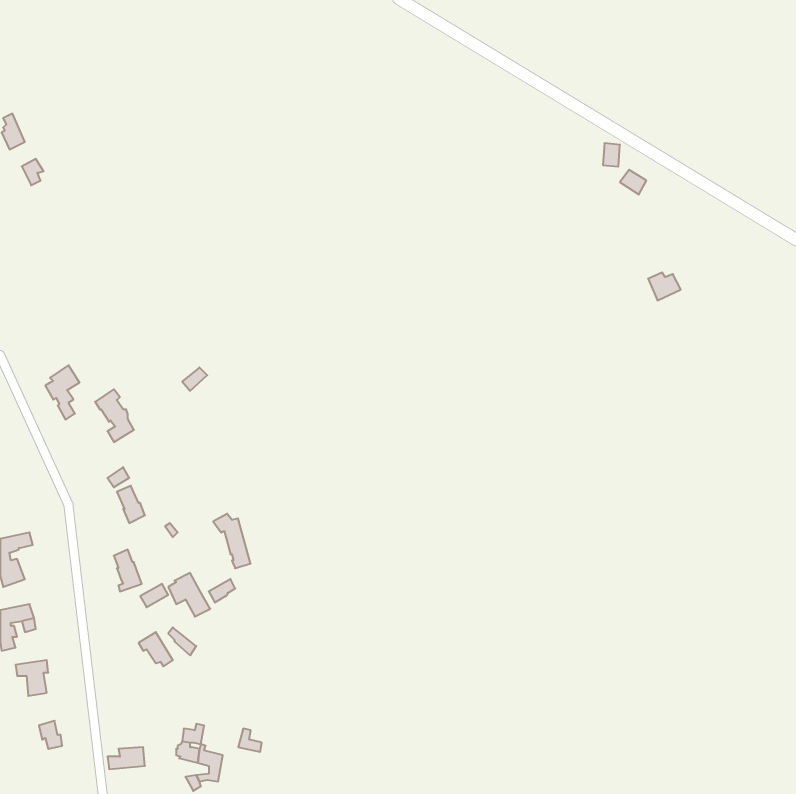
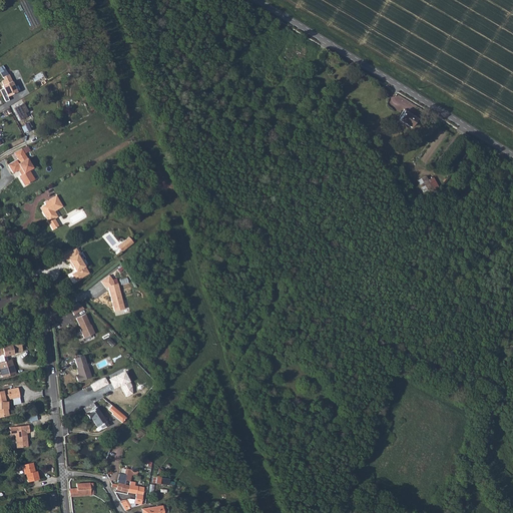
building: none -> [7,149,34,186]
building: [45,365,80,420] -> [41,195,63,230]
building: [213,514,251,568] -> [100,275,124,310]

